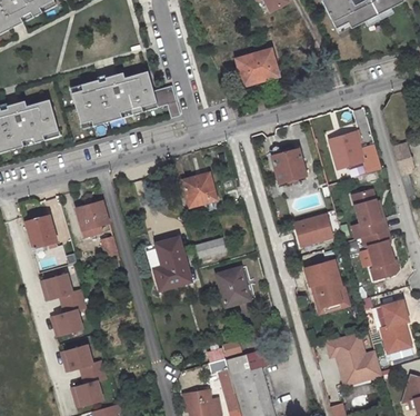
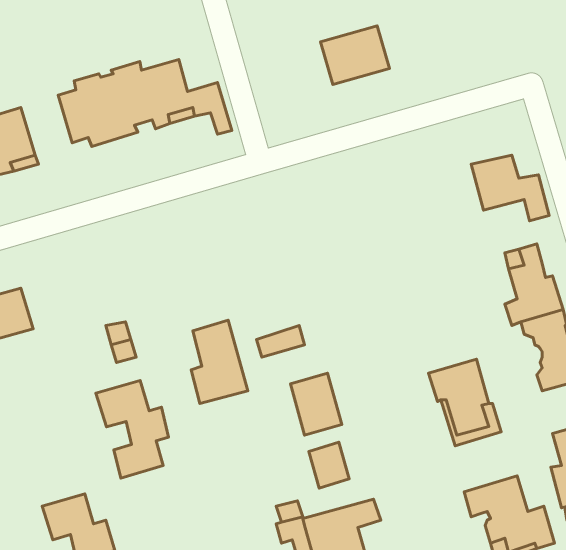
building: [270,148,306,181] -> none
building: [182,171,216,206] -> none
building: [77,198,108,232] -> none
building: [293,211,332,245] -> none
building: [40,271,86,333] -> [96,381,169,478]
building: none -> [309,442,349,488]

